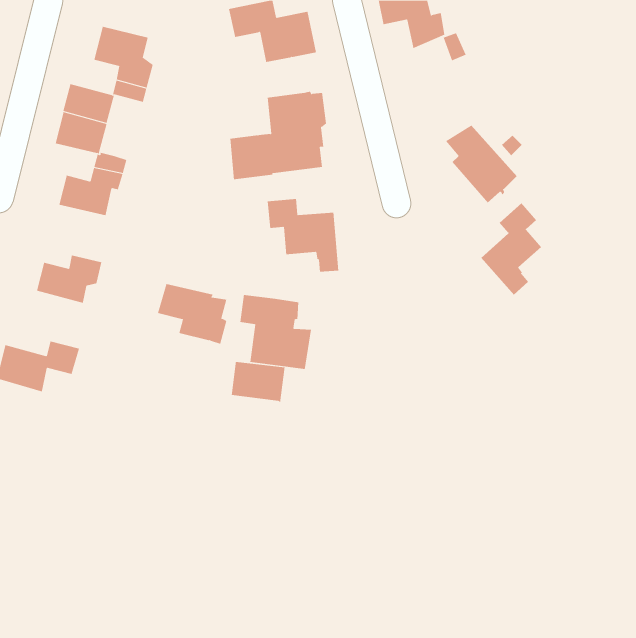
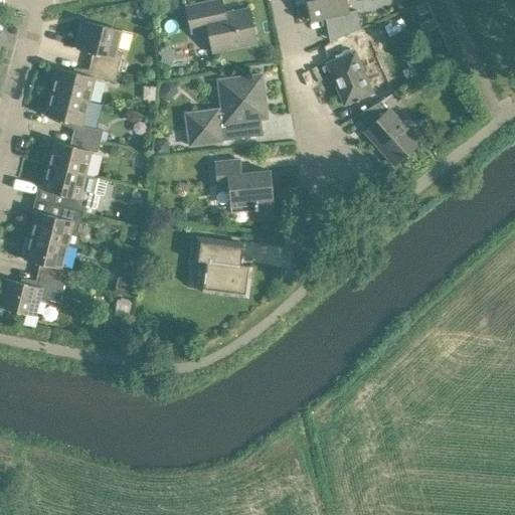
building: none -> [322,36,383,105]
building: [481,203,542,295] -> none
building: [157,283,227,345] -> [40,165,97,214]
building: none -> [23,234,67,281]
building: [231,361,285,403] -> none

